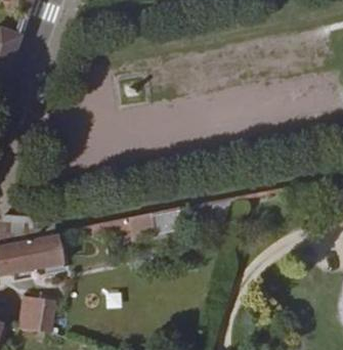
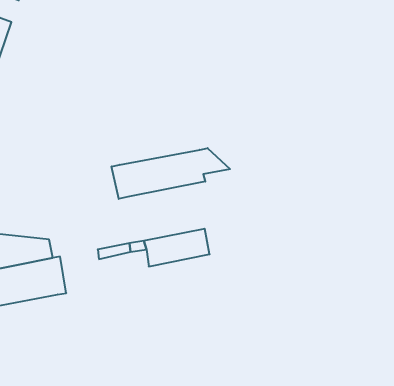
building: none -> [112,148,230,199]
building: [20,300,53,332] -> none

